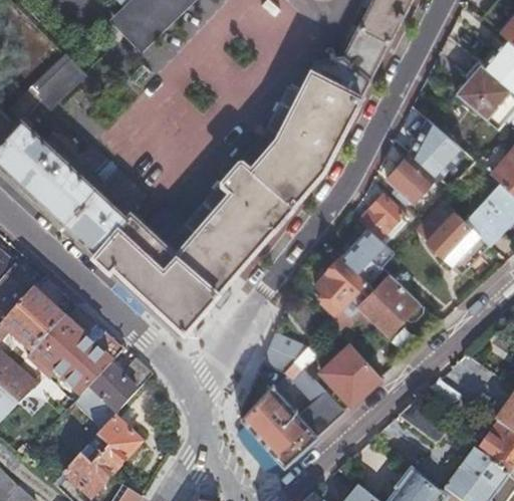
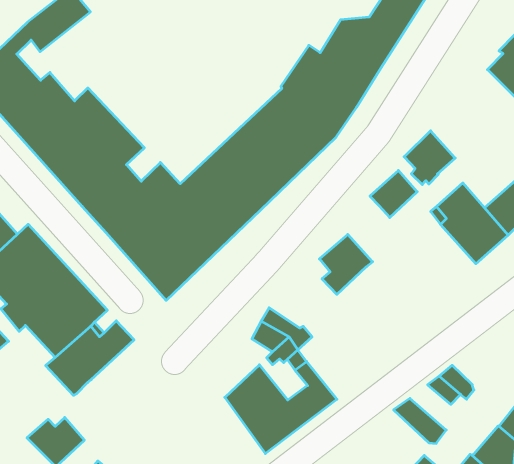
building: [408,124,452,171] -> none
building: [340,229,392,283] -> none
building: [330,274,423,340] -> none
building: [319,343,380,406] -> none
building: [95,417,141,470] -> none

